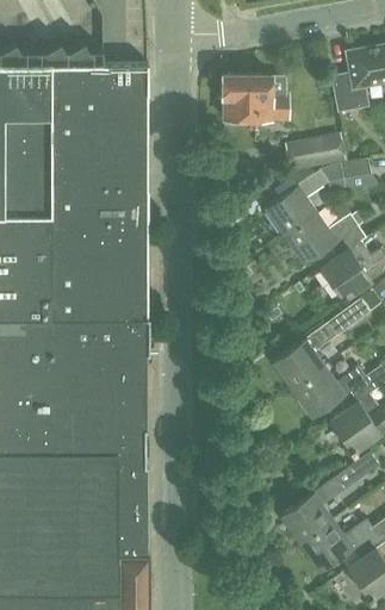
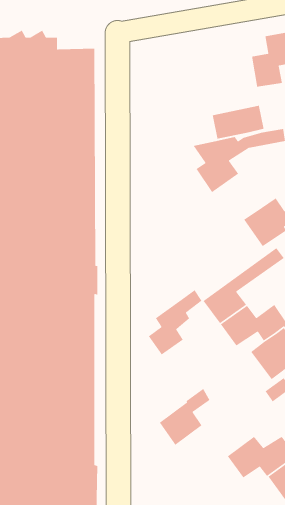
building: [218,76,287,122] -> none
building: [284,214,365,264] -> none
building: none -> [148,289,203,355]
building: [282,478,343,546] -> [159,388,211,446]

